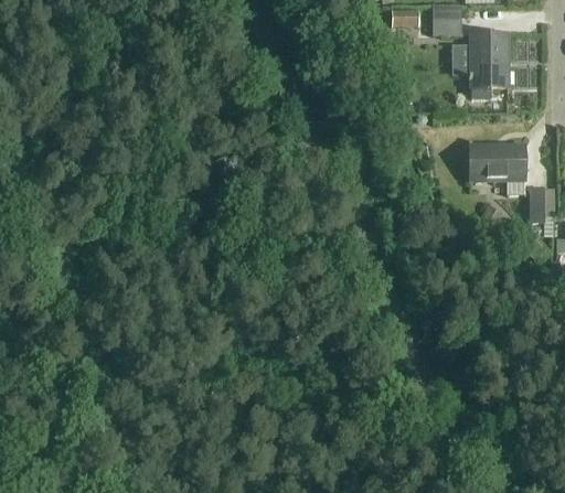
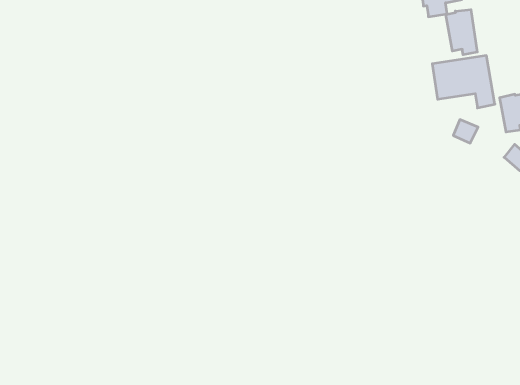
building: none -> [446,10,477,55]

